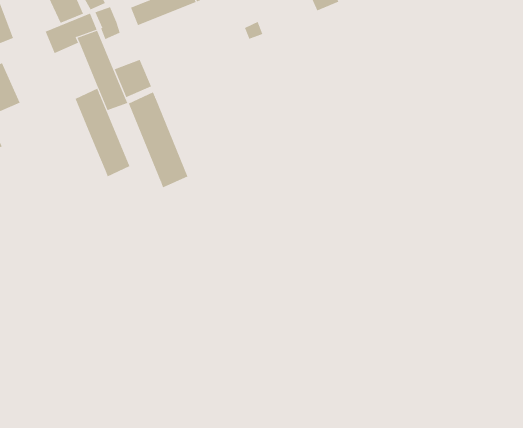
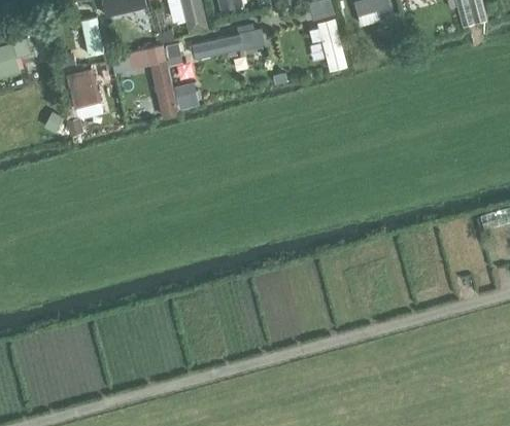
building: [75,88,130,177] -> none
building: [128,91,188,188] -> none

